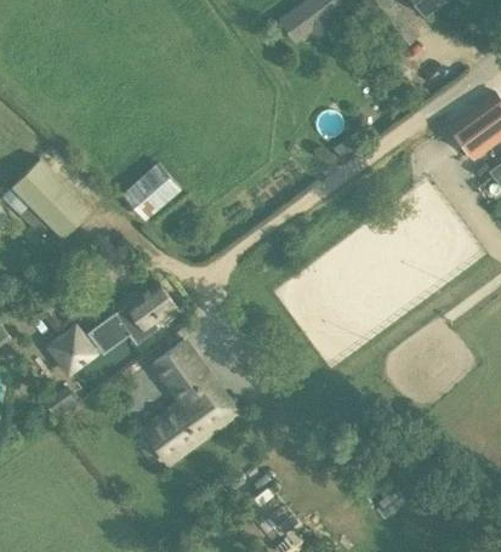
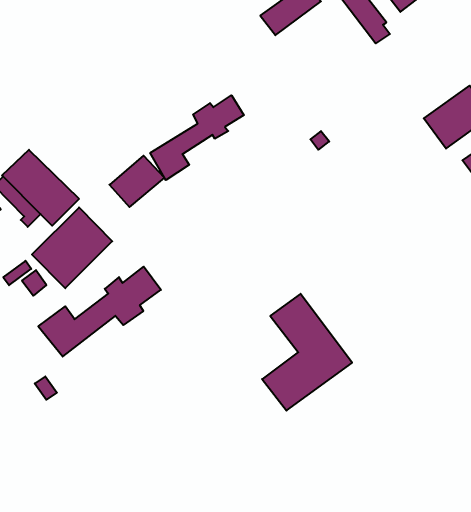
building: none -> [150,95,244,180]
building: none -> [32,207,112,288]
building: [143,341,237,462] -> [262,294,352,411]

